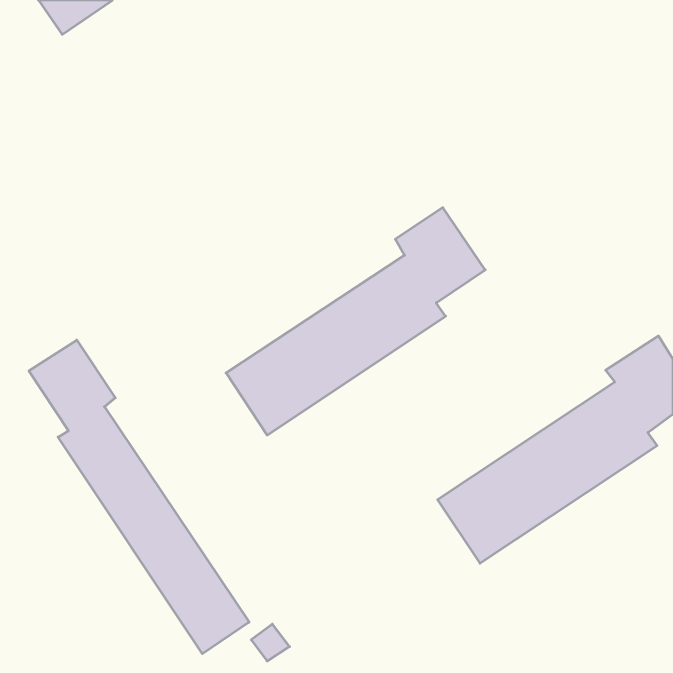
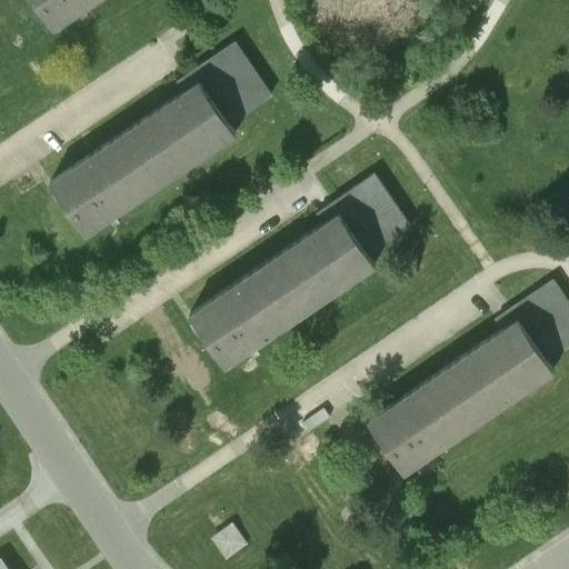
building: none -> [49,46,268,240]
building: [29,340,249,654] -> none

